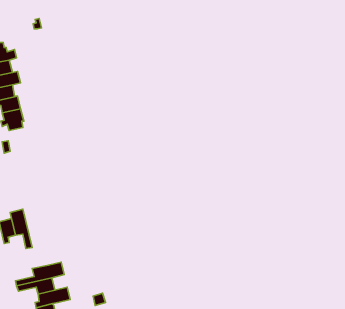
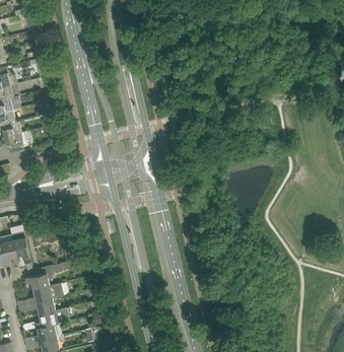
building: none -> [23,262,67,289]

